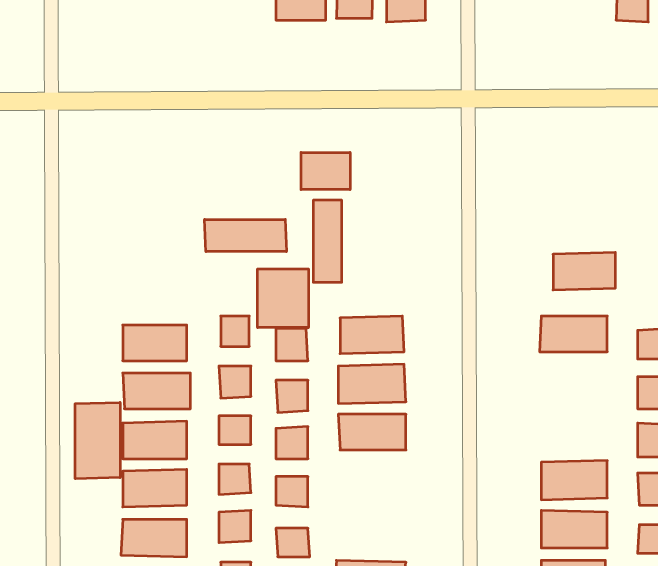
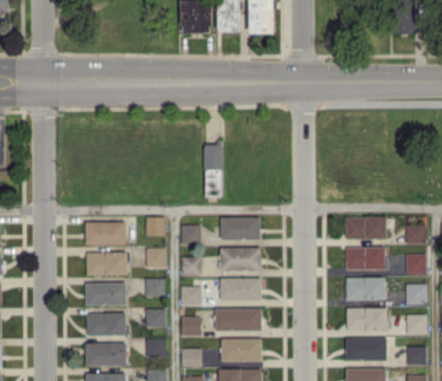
building: [301,152,350,190] -> none
building: [205,219,286,252] -> none
building: [553,252,615,290] -> [346,247,384,270]
building: [258,269,308,328] -> none
building: [75,402,120,479] -> none
building: none -> [346,278,386,300]
building: none -> [215,308,261,331]
building: none -> [220,339,261,362]

